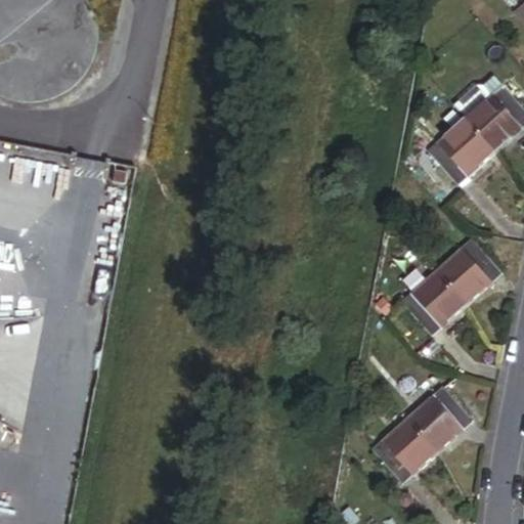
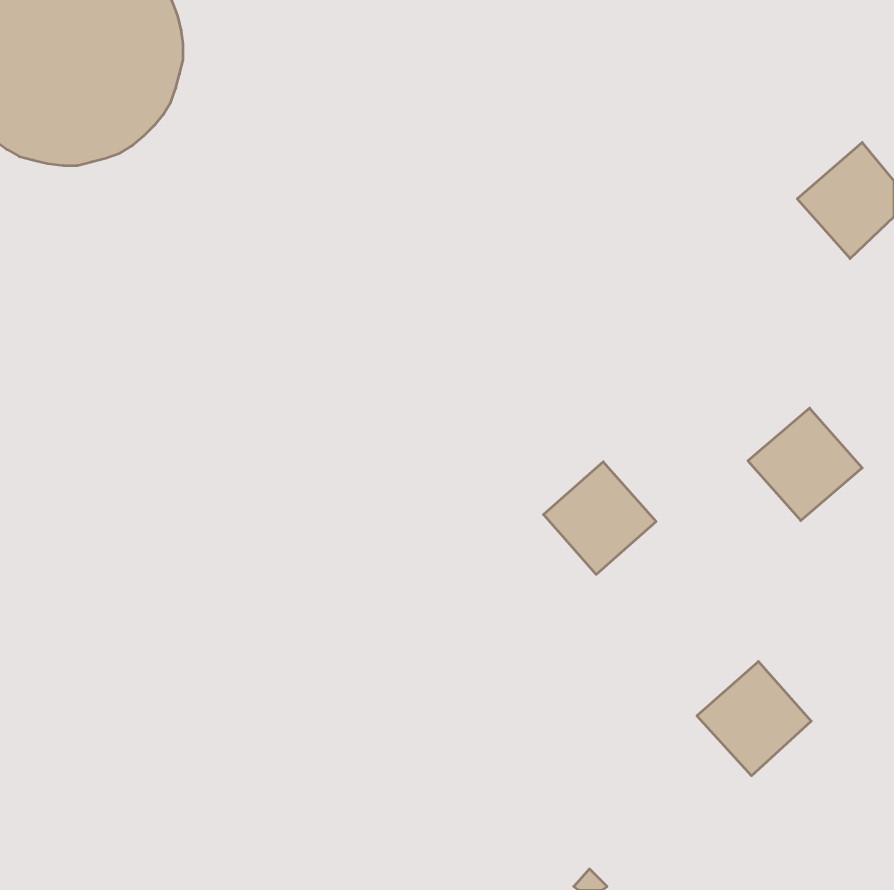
building: [427,116,494,183] -> none
building: [400,268,466,334] -> [543,462,656,574]
building: [372,417,437,482] -> none

